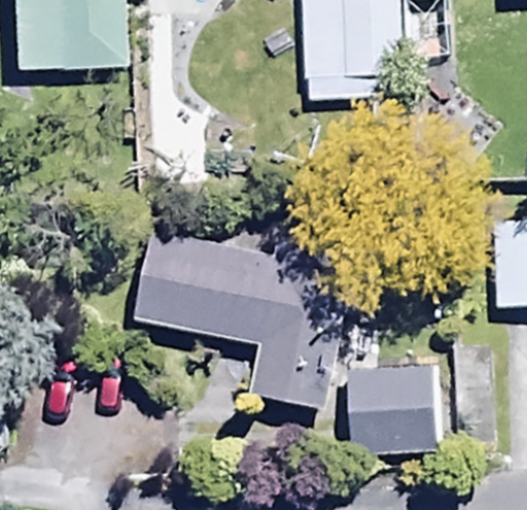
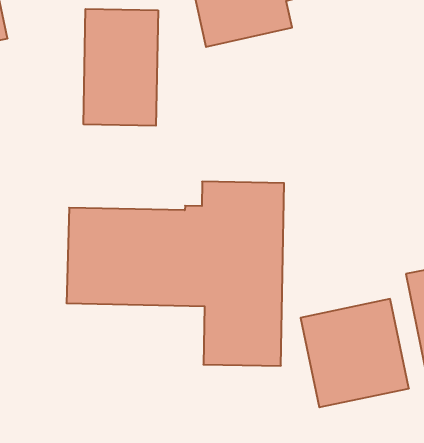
building: none -> [84,9,158,126]

